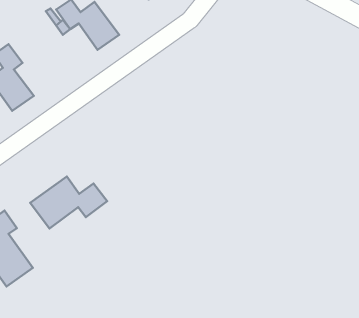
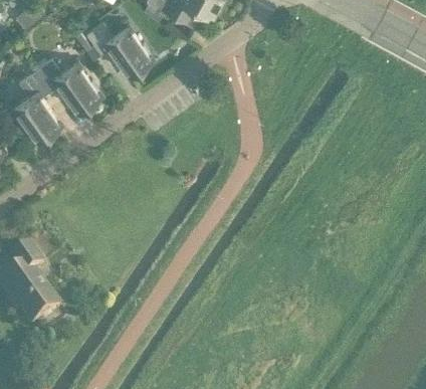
building: none -> [35,57,102,113]
building: [30,177,107,229] -> none

